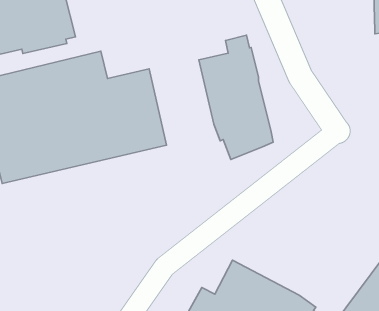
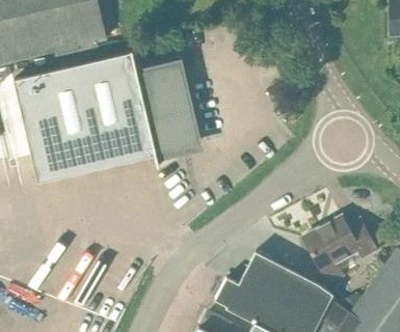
building: [199,35,273,160] -> none
building: none -> [302,216,376,285]

